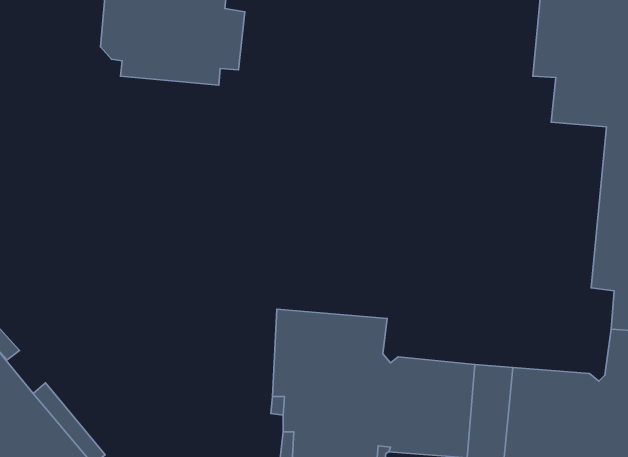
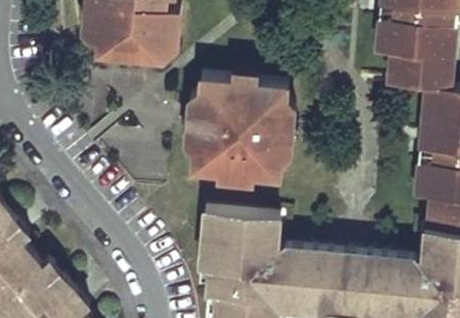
building: none -> [188,81,295,187]

